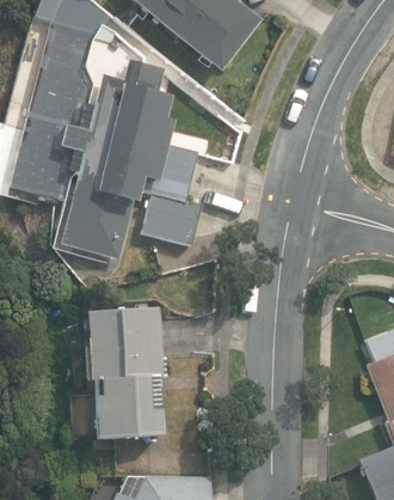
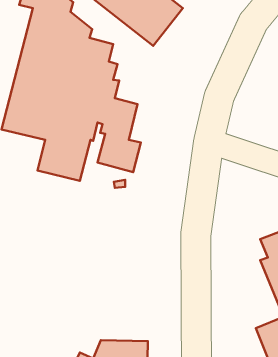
building: [86,309,168,441] -> none

